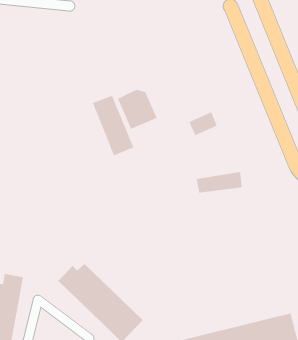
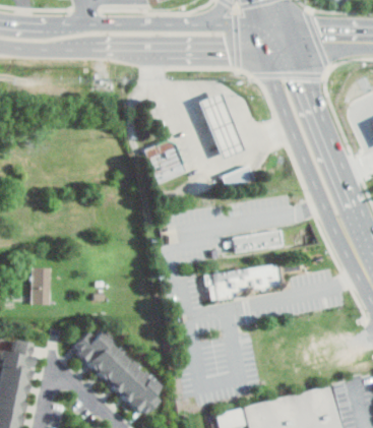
building: [92,95,134,156] -> [193,93,239,159]
building: none -> [202,261,297,302]
building: none -> [35,268,53,305]

